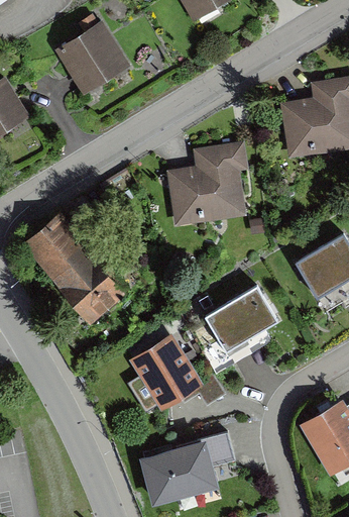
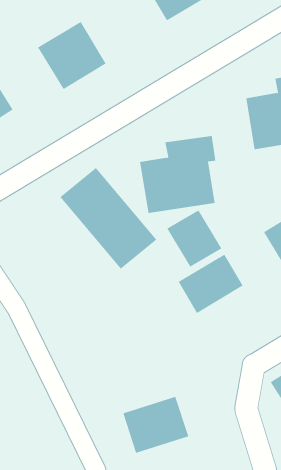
building: [21,223,126,333] -> [60,167,157,269]
building: none -> [167,209,222,268]
building: [133,328,202,401] -> none

